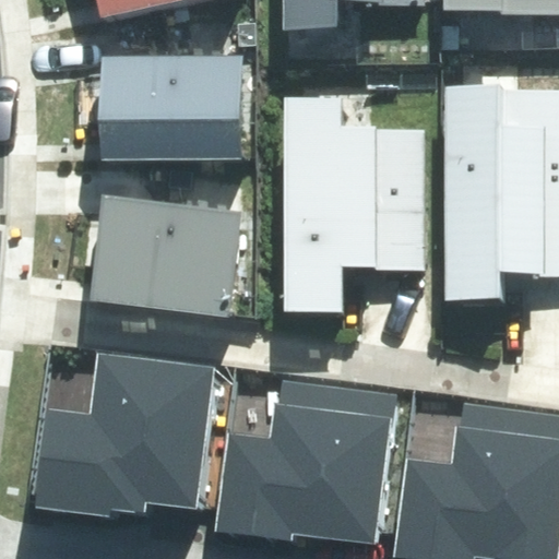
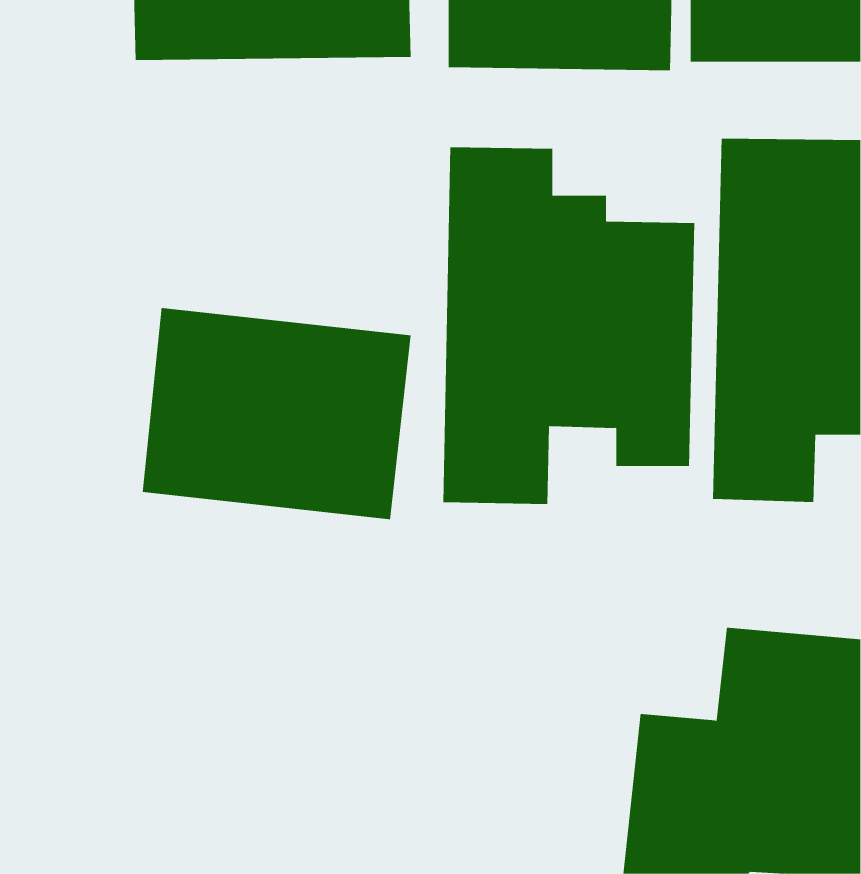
building: [102,50,263,169] -> none
building: [37,352,214,514] -> none
building: [214,371,391,538] -> none

